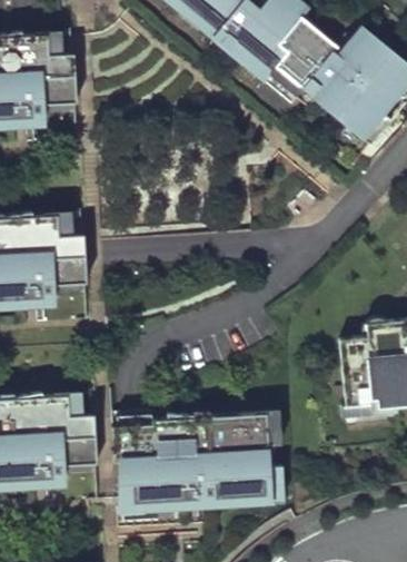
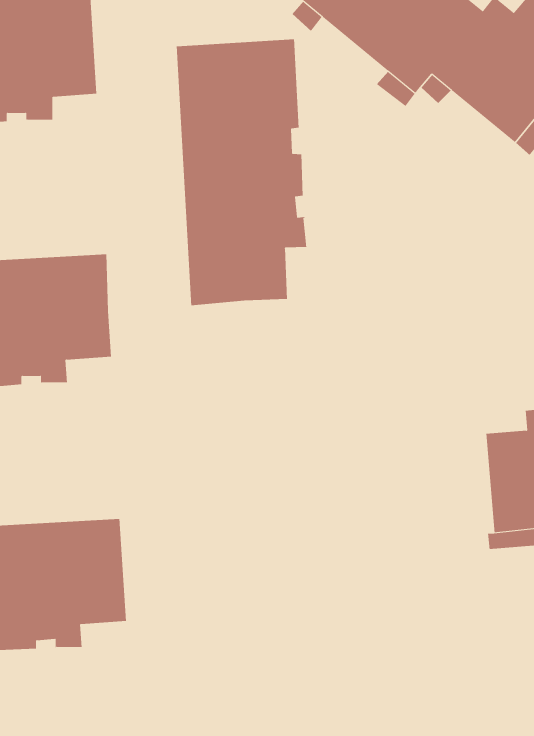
building: none -> [176,38,307,306]
building: [113,414,284,511] -> none

